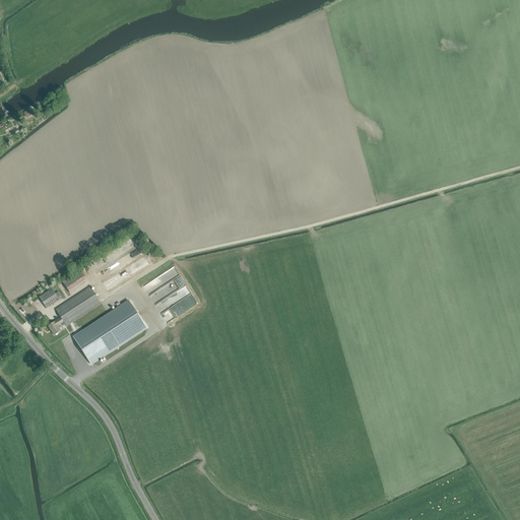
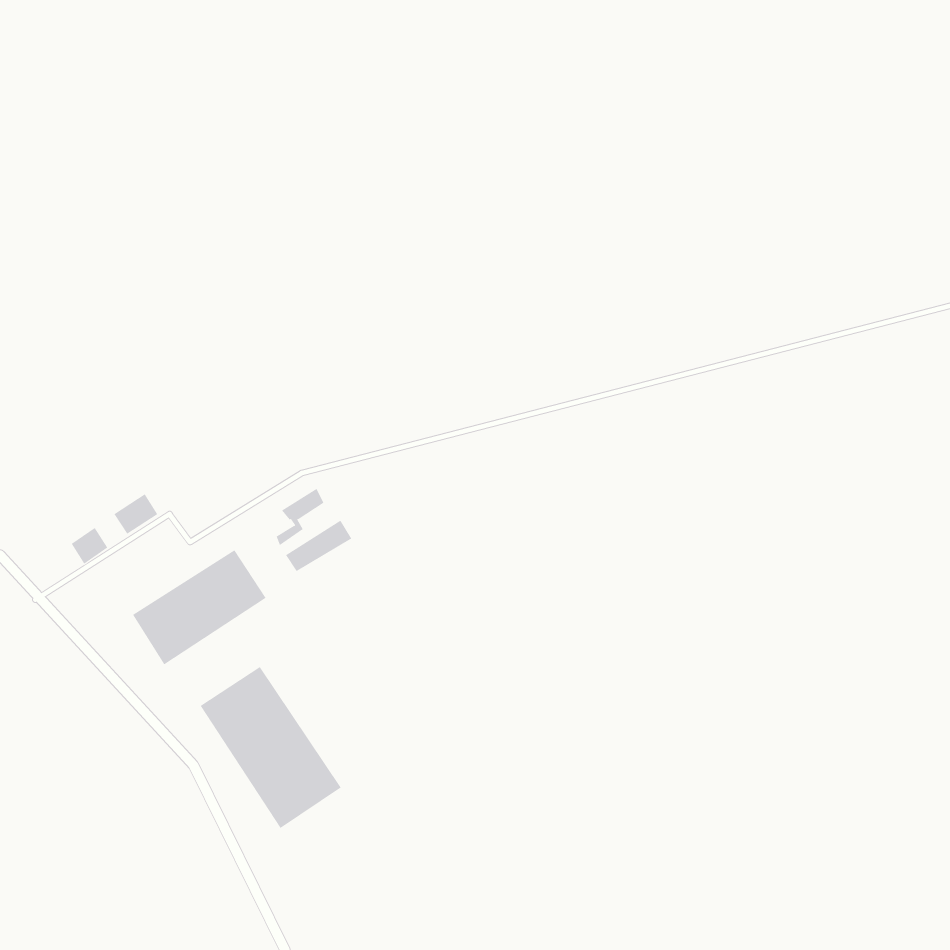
building: [49,285,102,334] -> none
building: none -> [200,666,341,829]

